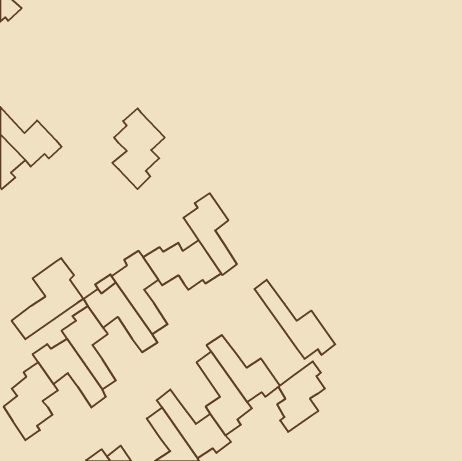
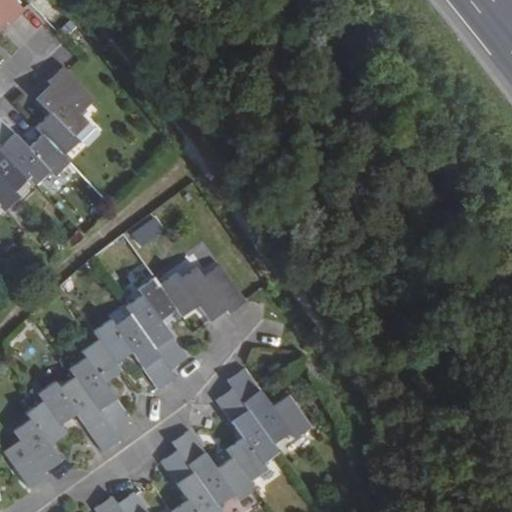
building: [112,108,165,189] -> [35,66,93,155]
building: [183,193,237,275] -> none
building: [12,258,83,339] -> none
building: [254,280,335,359] -> none
building: [277,361,325,432] -> none

